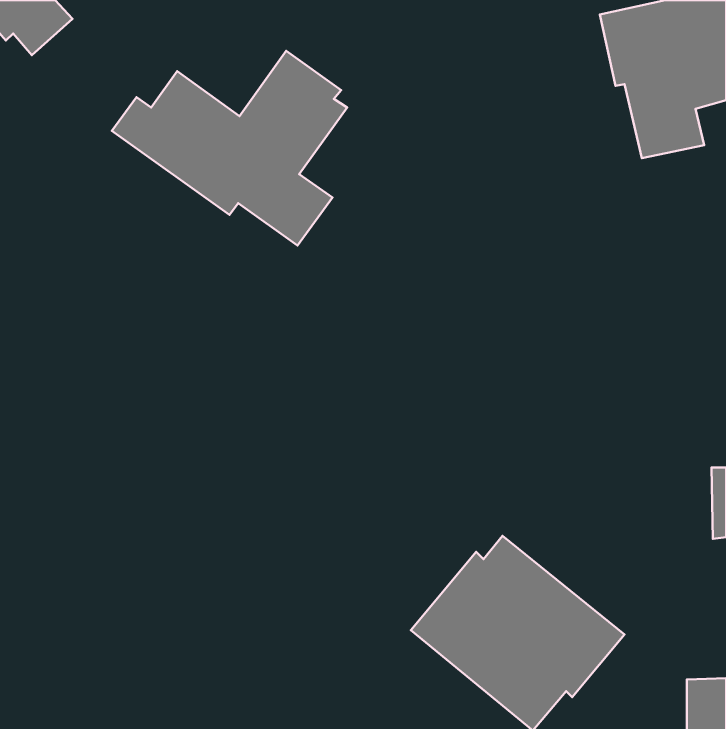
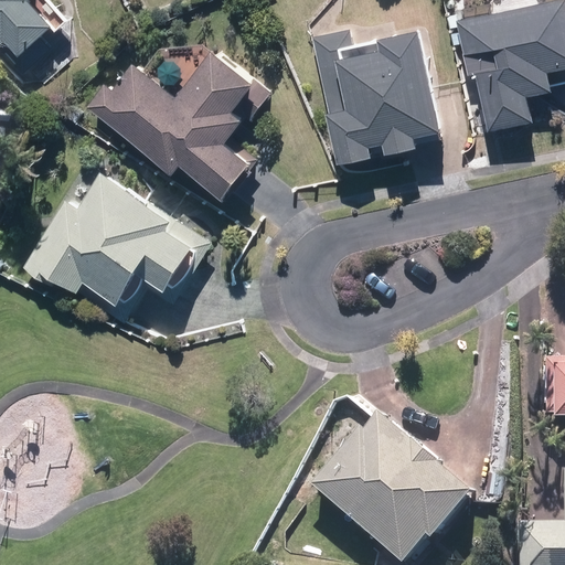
building: none -> [309,33,441,161]
building: none -> [24,174,194,305]

